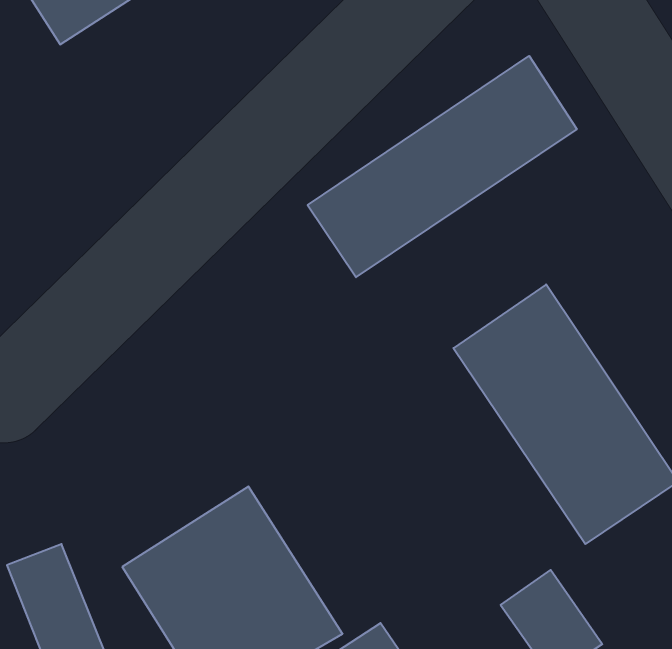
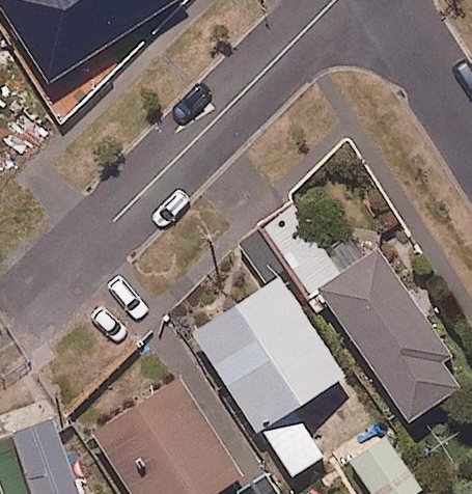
building: [308,56,577,277] -> none
building: none -> [192,279,341,485]

